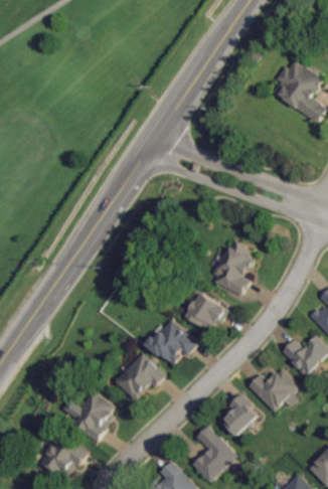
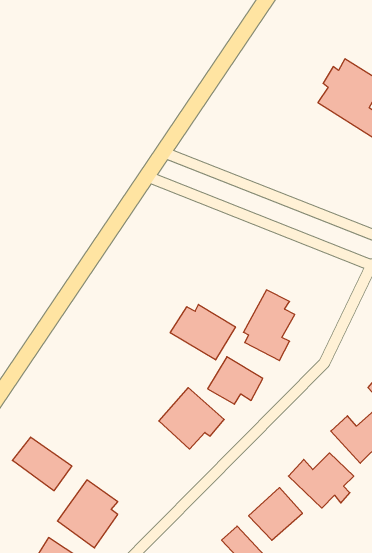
building: none -> [170,304,235,360]
building: [114,352,165,400] -> none
building: none -> [12,437,72,491]

